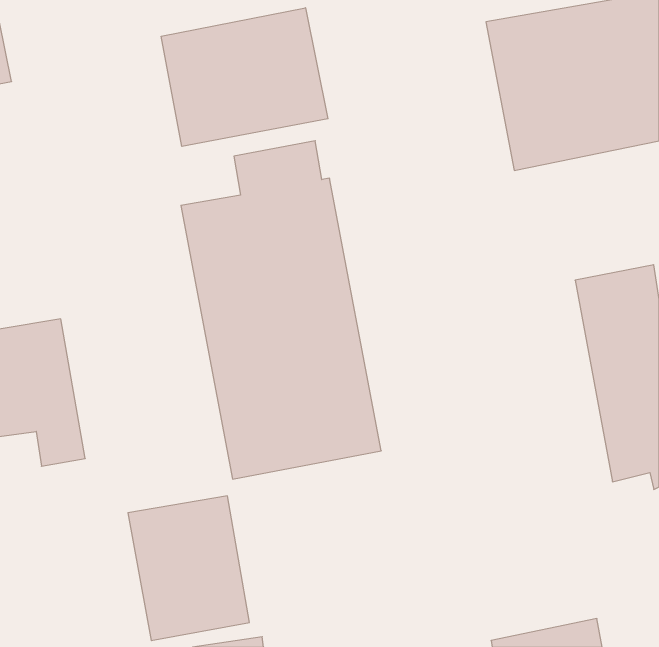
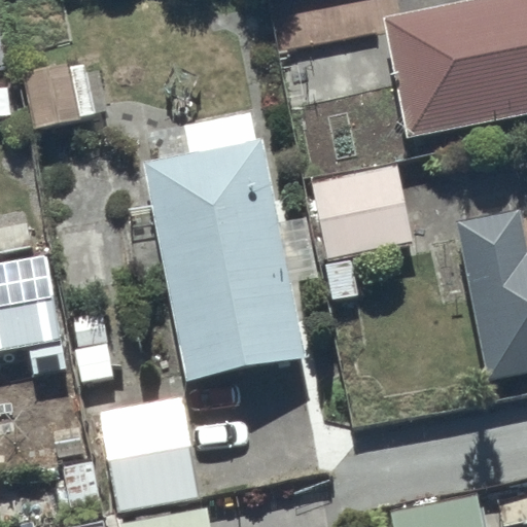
building: [161,8,328,146] -> none
building: none -> [312,164,411,296]

